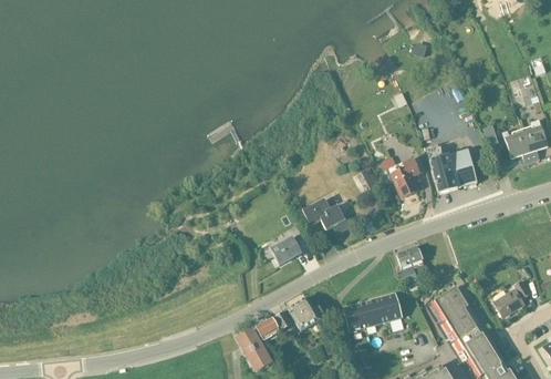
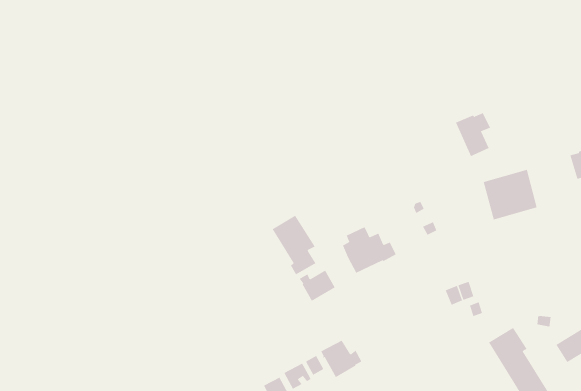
building: [388,158,419,197] -> [455,112,491,157]
building: none -> [272,215,316,275]
building: [343,293,402,331] -> none

